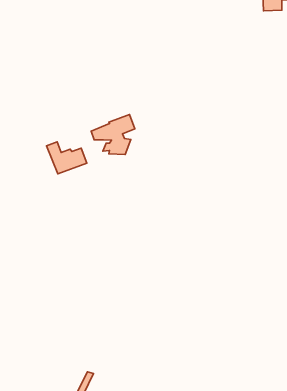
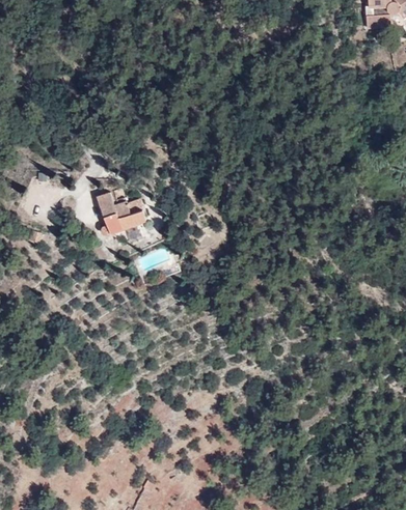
building: [91,114,135,155] -> none

